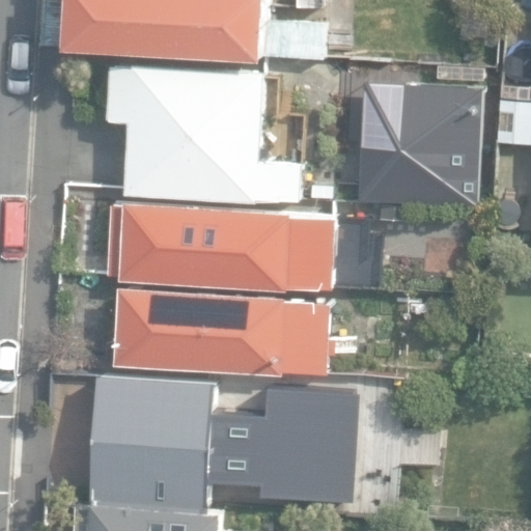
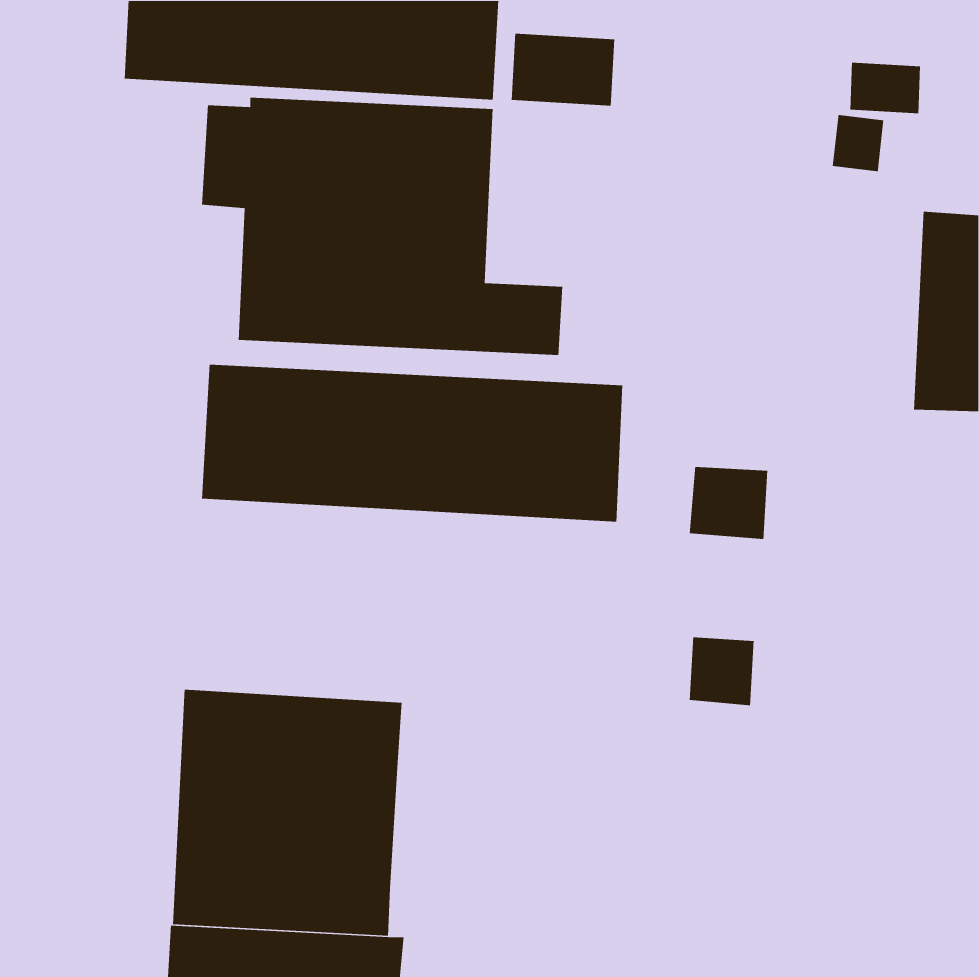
building: [316,130,480,205] -> none
building: [105,286,330,375] -> none
building: [209,391,331,497] -> none

